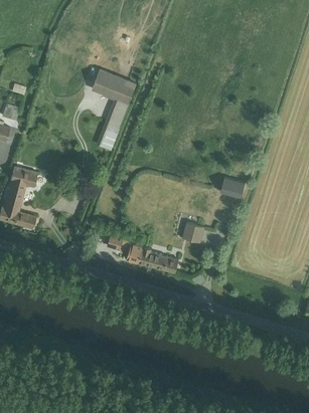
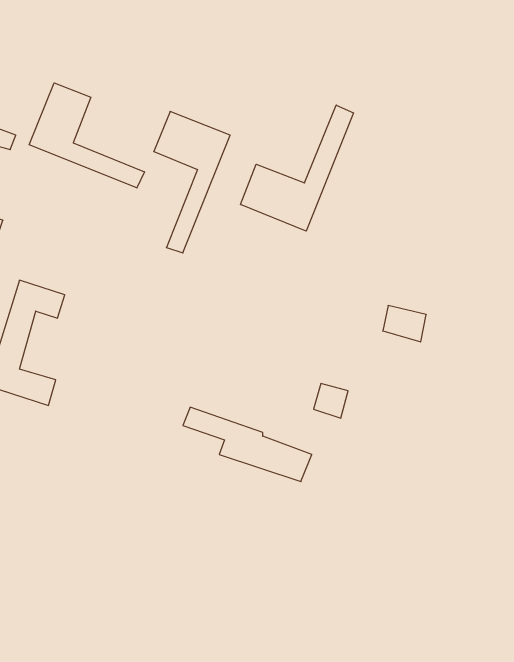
building: none -> [29,83,144,188]
building: none -> [241,105,353,231]

